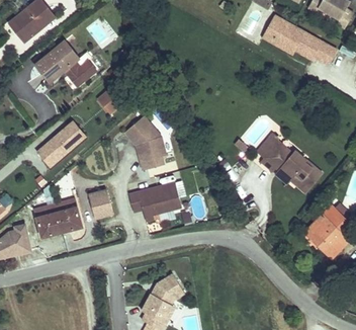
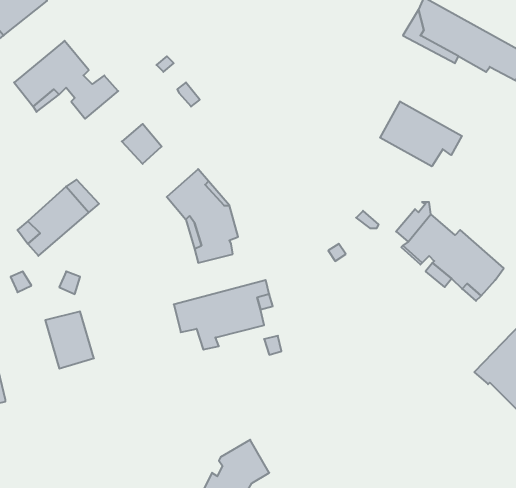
building: none -> [380,101,462,166]
building: [88,189,112,218] -> none
building: [34,203,62,237] -> none

